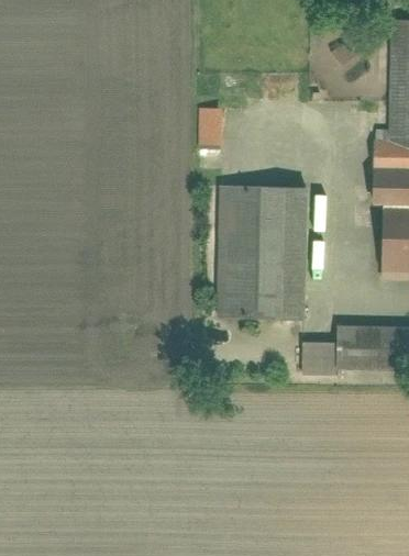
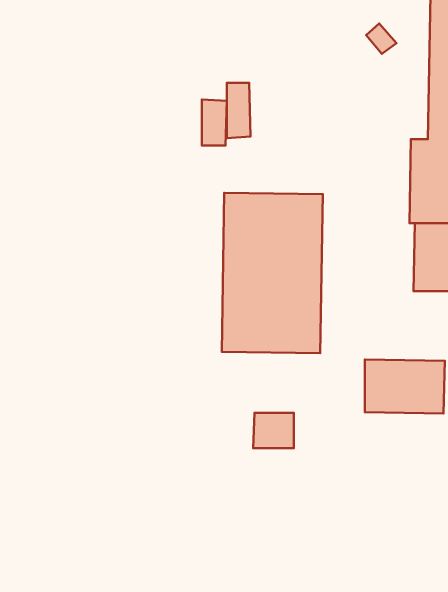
building: none -> [227,83,250,138]
building: [303,343,338,372] -> [253,413,294,448]

